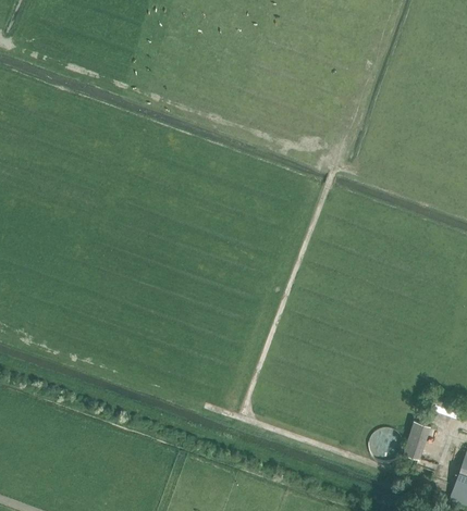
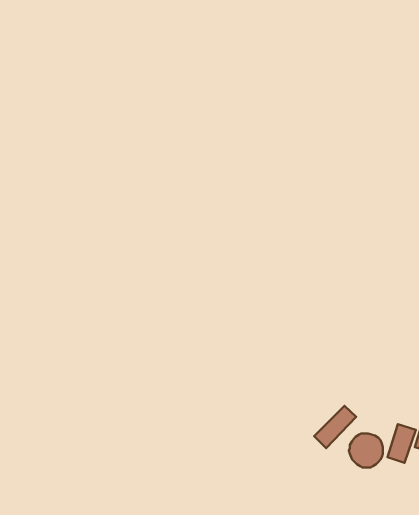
building: none -> [314,406,356,448]

